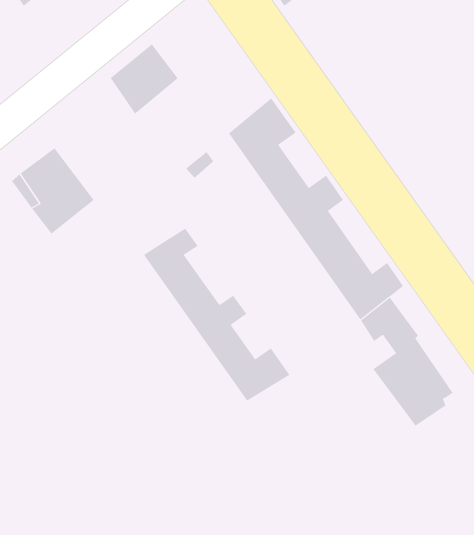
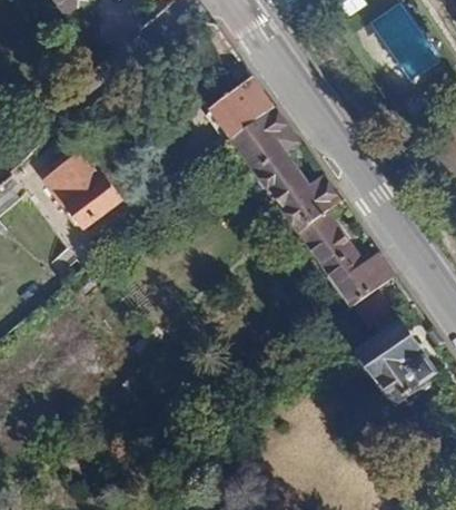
building: [110,43,179,114] -> [214,75,275,138]
building: [143,228,290,401] -> none

